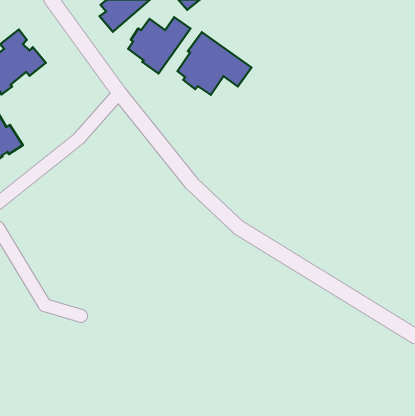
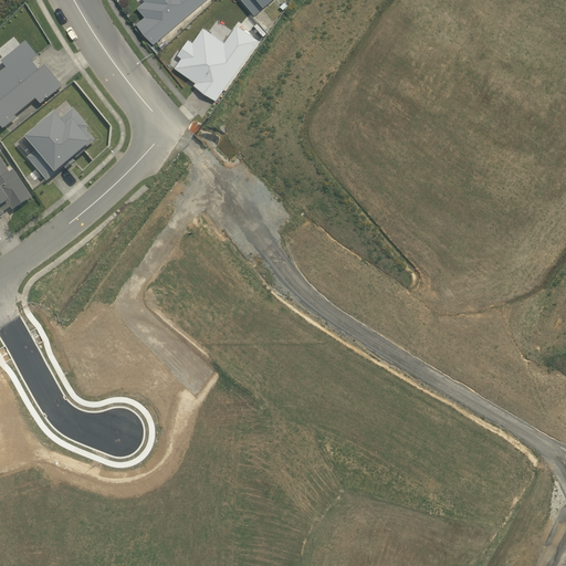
building: [177,32,252,95] -> none
building: none -> [18,107,94,180]

